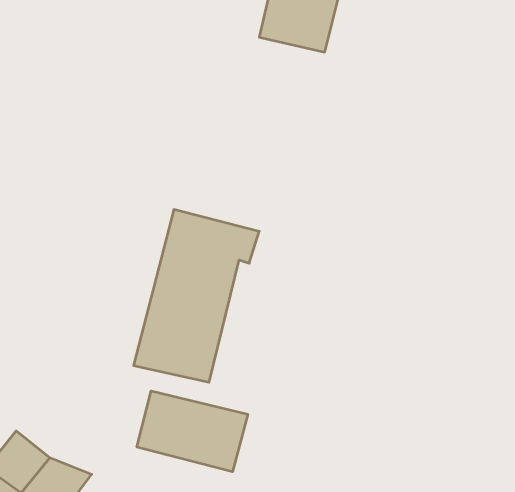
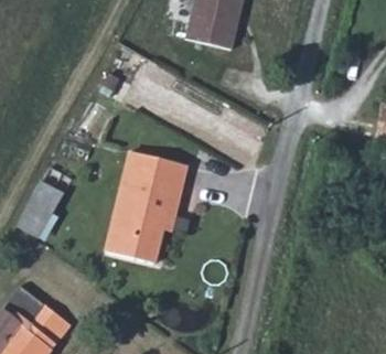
building: none -> [20,171,68,233]
building: [137,391,248,472] -> none

